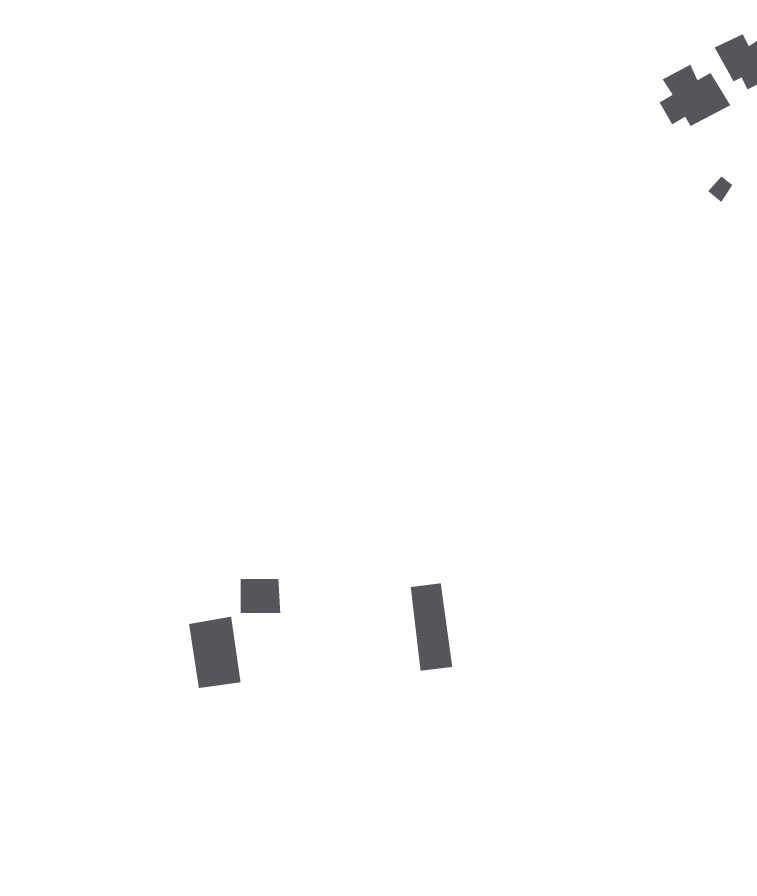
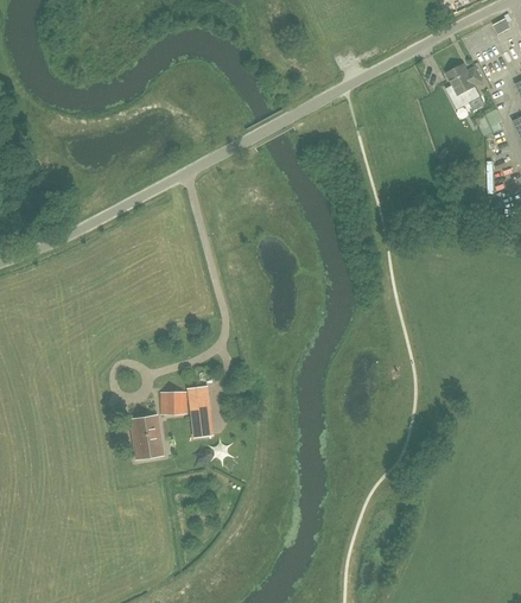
building: [658,63,732,127] -> none
building: [410,583,453,672] -> [189,386,215,439]

